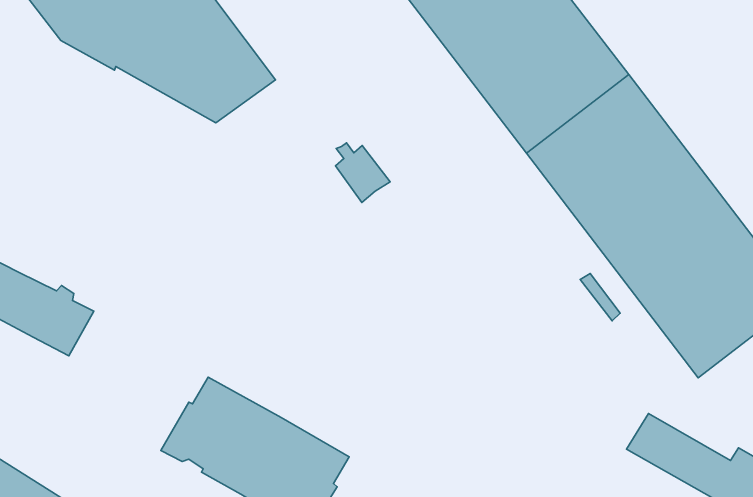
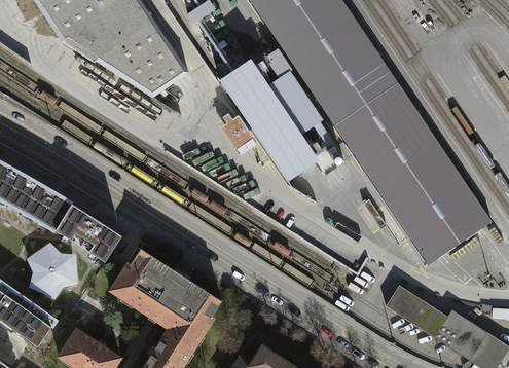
building: none -> [218,48,335,182]
building: none -> [57,206,122,262]
building: none -> [31,247,75,296]

